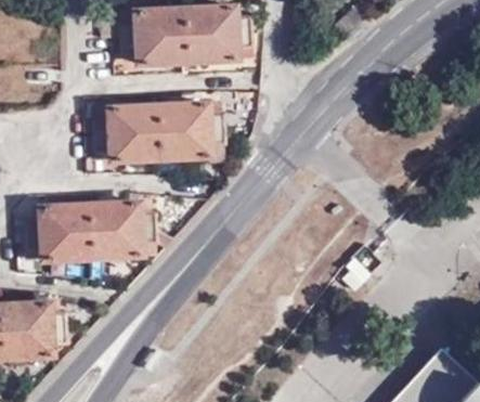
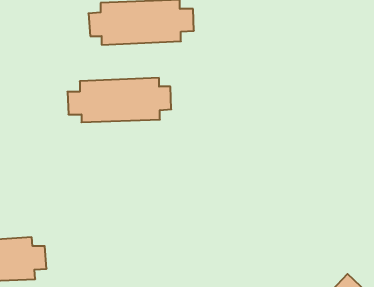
building: [24,203,156,261] -> none

